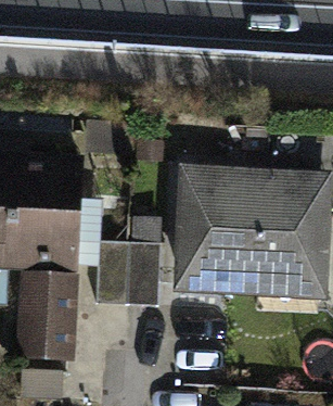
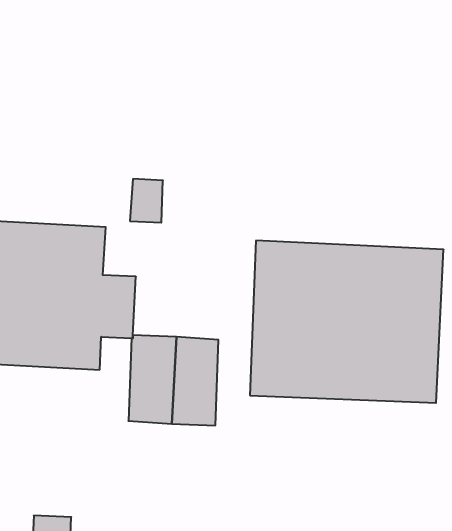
building: [22,283,73,363] -> none

